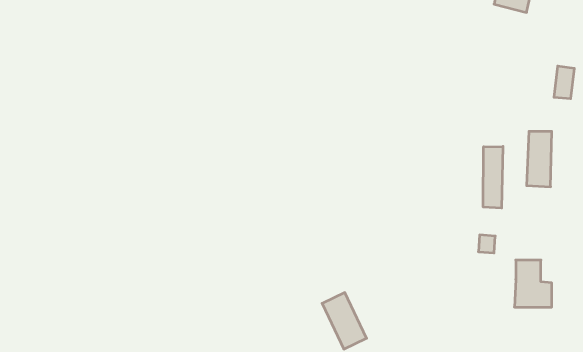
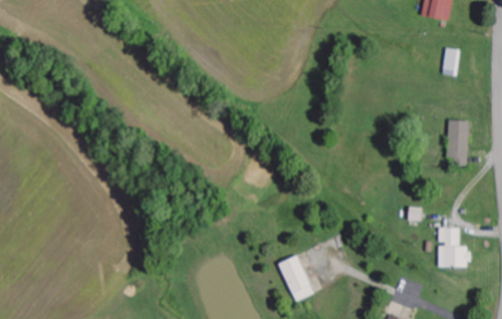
building: [554,66,574,99] -> [443,48,460,75]
building: [483,146,503,208] -> none

